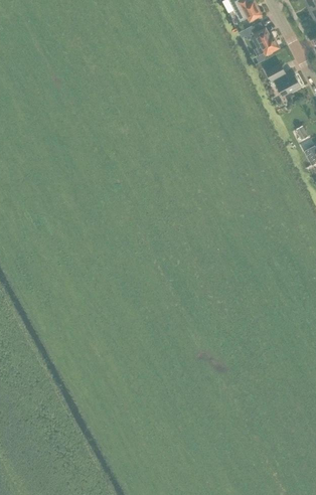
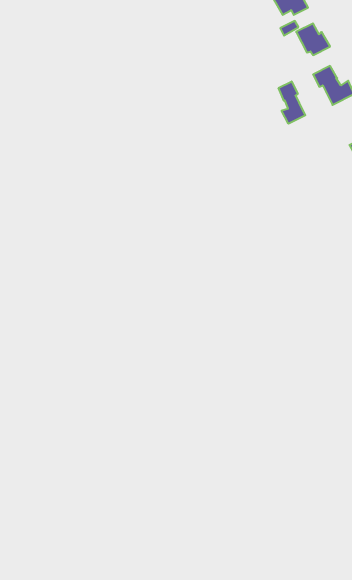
building: none -> [279,81,305,124]

